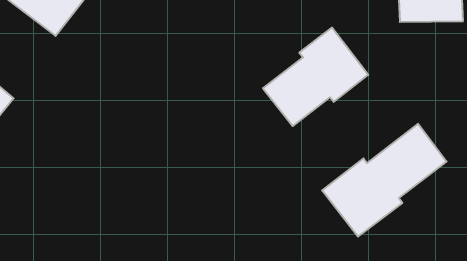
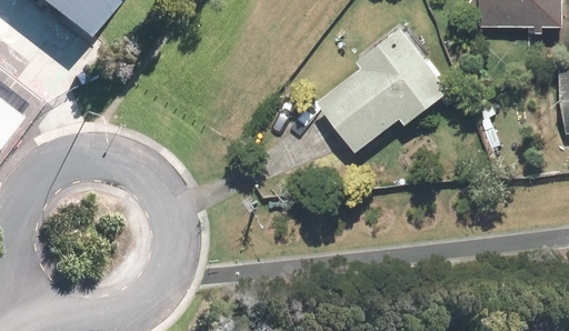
building: [322,124,447,237] -> none

